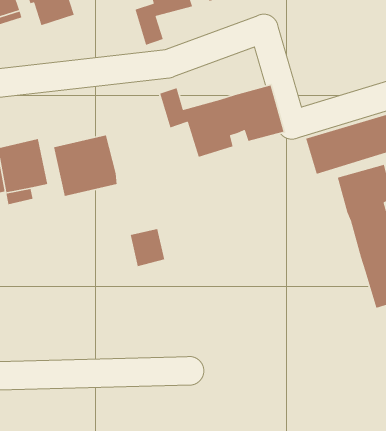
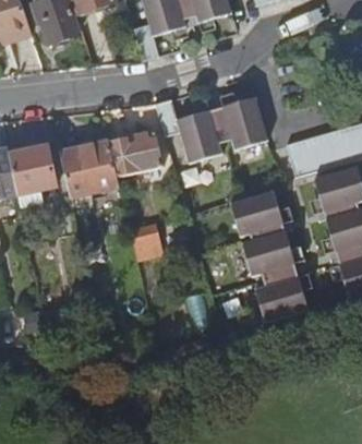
building: none -> [108,129,162,176]
building: none -> [230,191,307,322]

